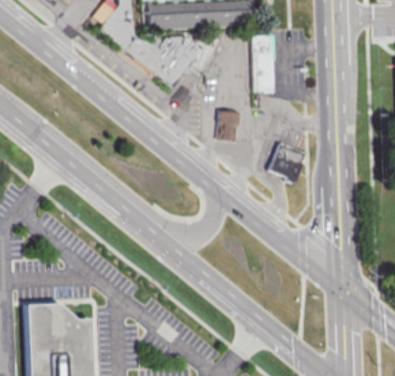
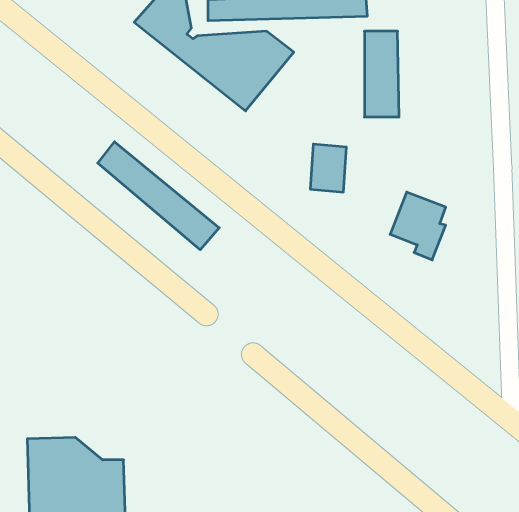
building: none -> [98,142,219,250]

